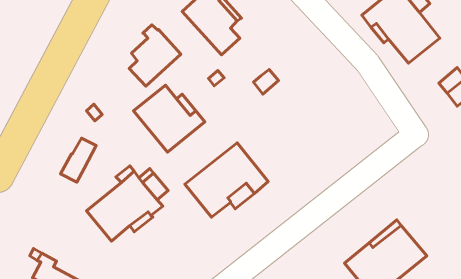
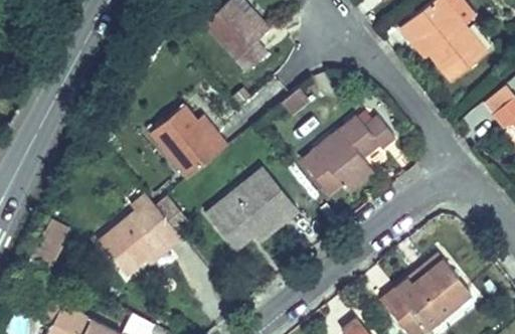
building: [129,25,181,86] -> none
building: none -> [302,115,395,194]
building: [60,138,96,182] -> [29,218,68,267]

